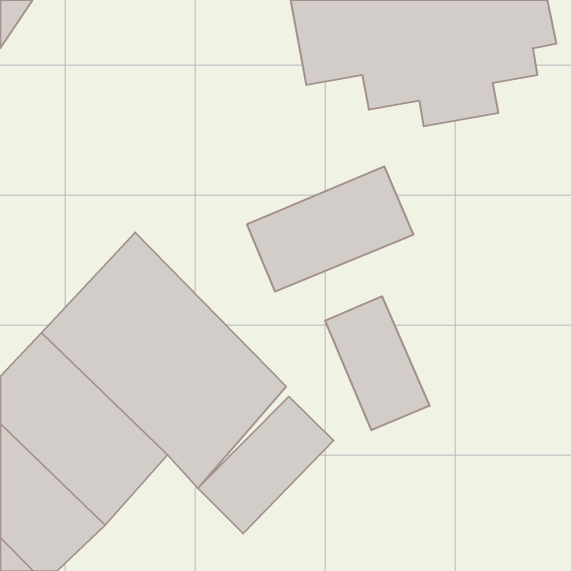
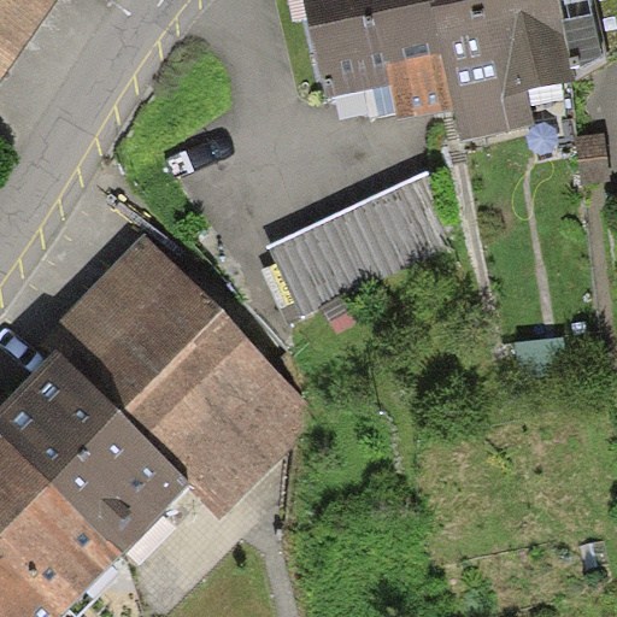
building: [325,296,430,430] -> none
building: [198,397,334,534] -> none

